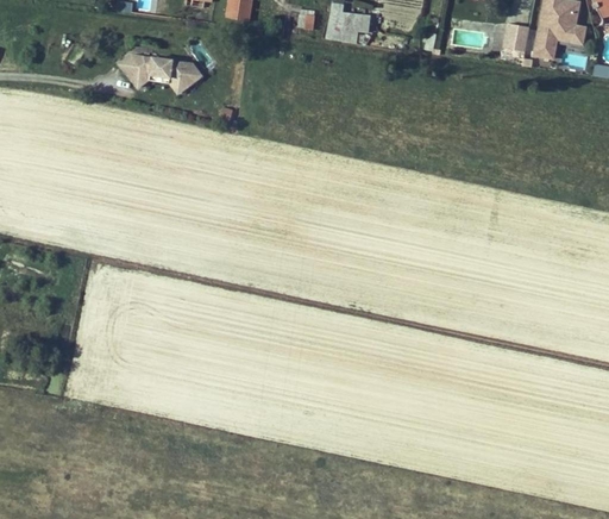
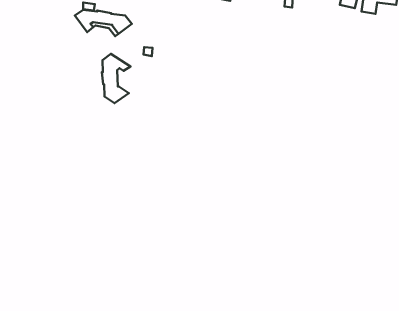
building: none -> [102,54,131,103]

